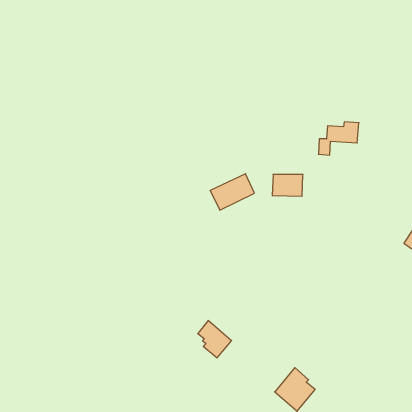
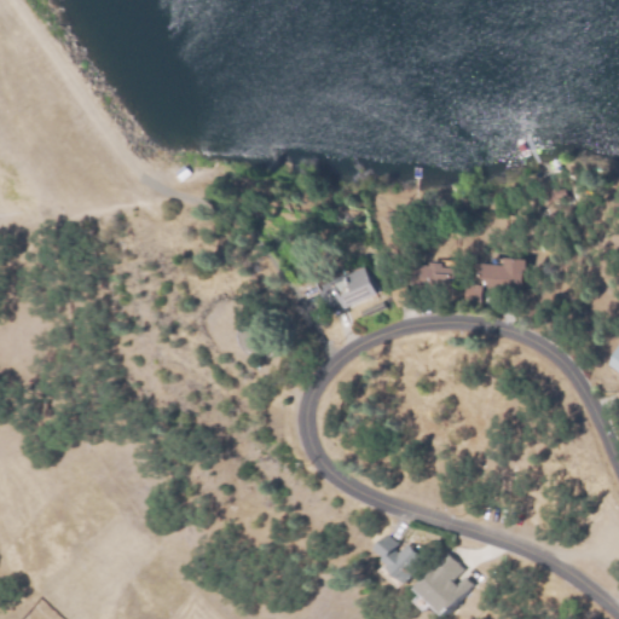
building: [318,122,359,155] -> [464,256,525,306]
building: [198,321,232,358] -> [374,531,424,586]

